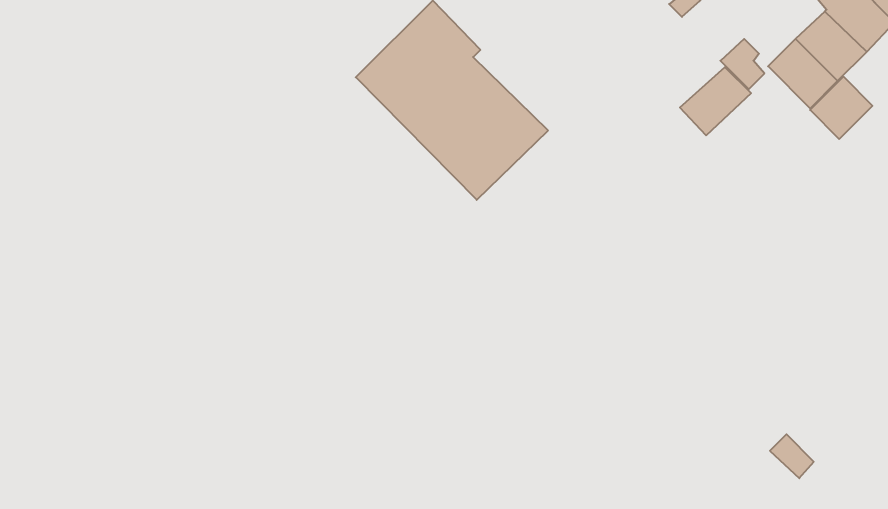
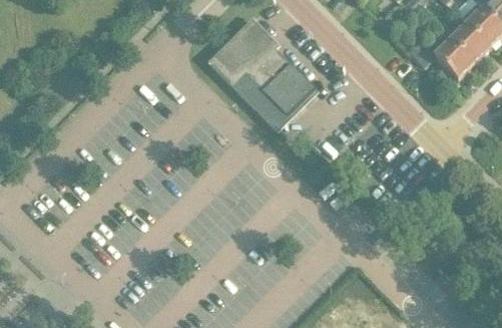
building: [680,67,751,135] -> none
building: [810,77,872,139] -> none

